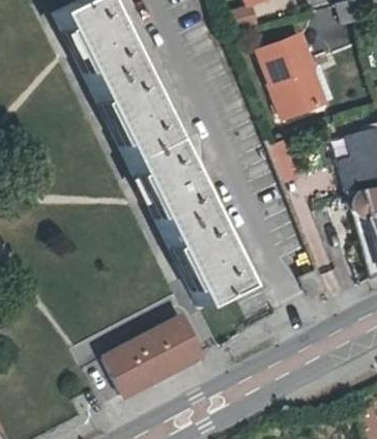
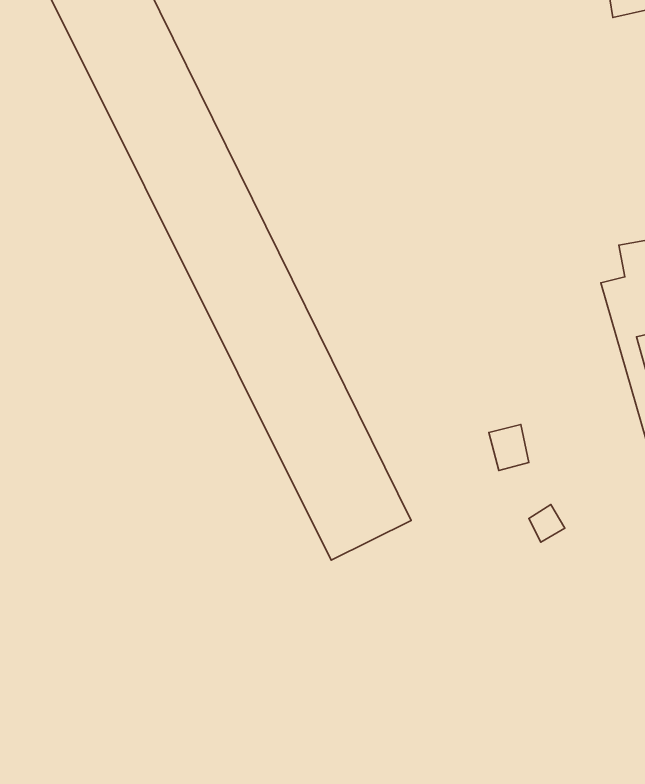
building: [262,34,335,116] -> none
building: [107,312,209,400] -> none

